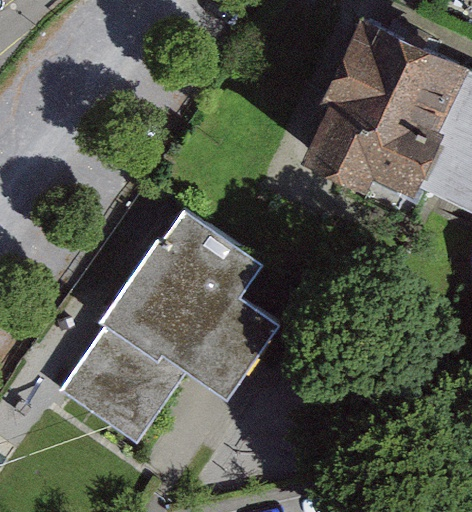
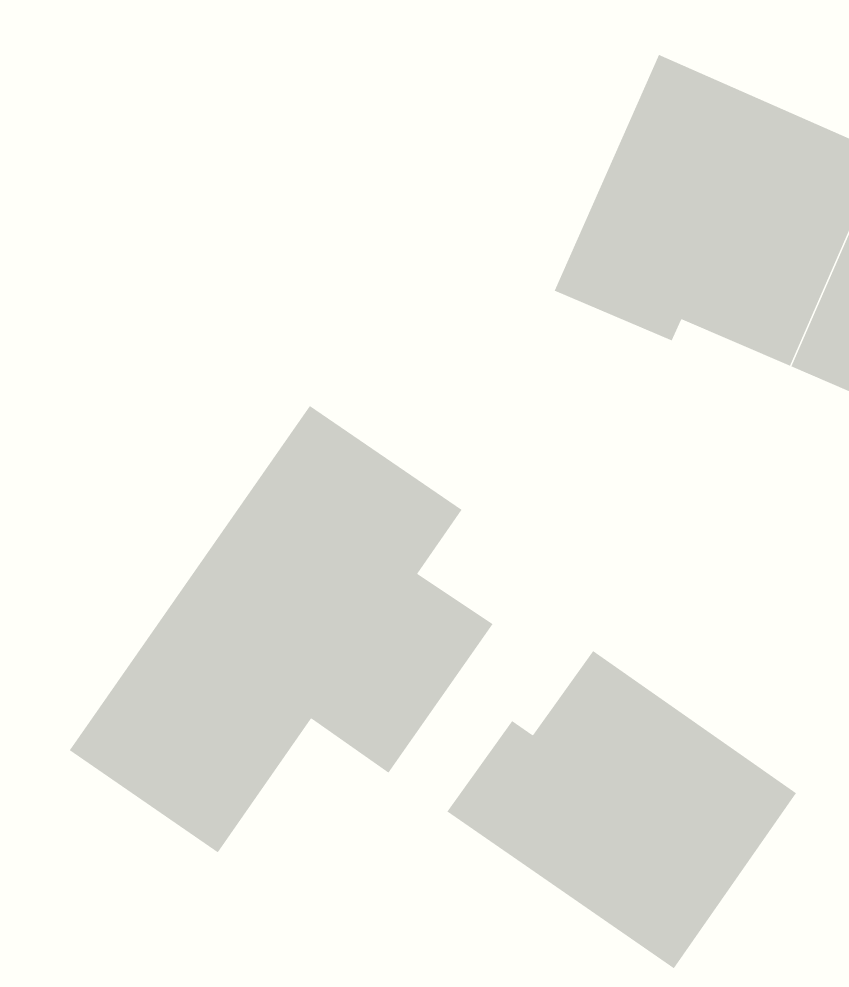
building: none -> [447,650,797,969]

